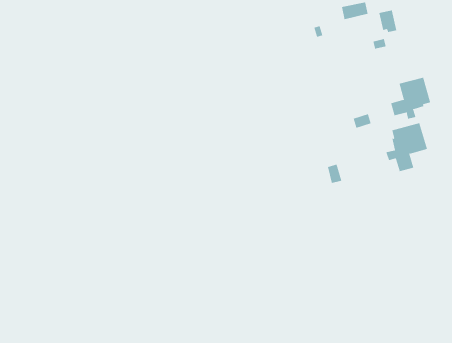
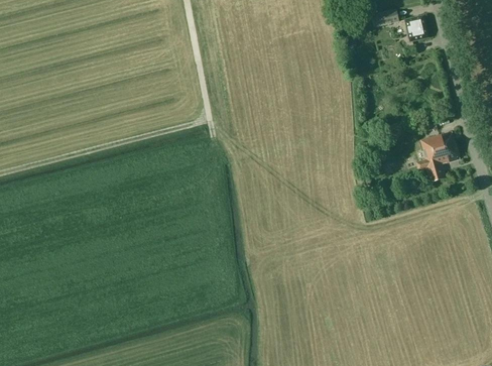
building: [390,77,431,119] -> none

